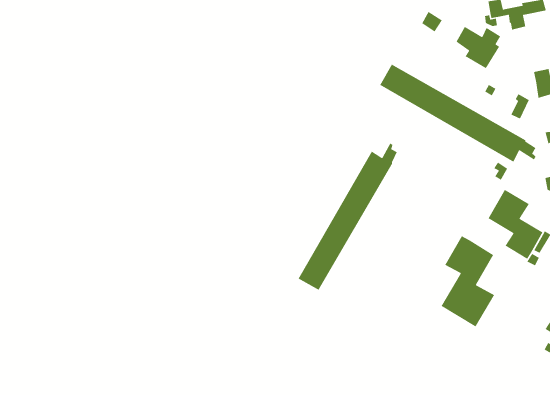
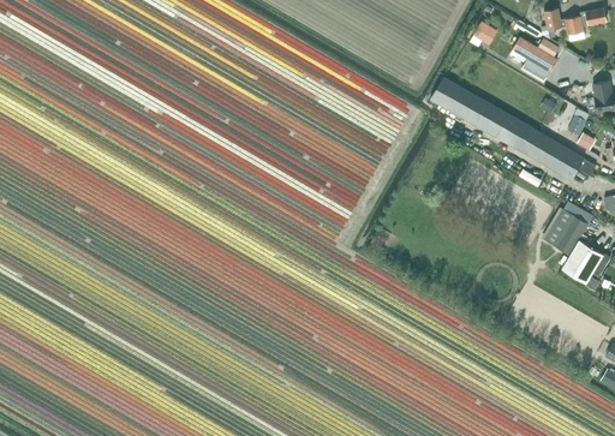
building: [298,143,398,291] -> none
building: [441,235,495,328] -> none

